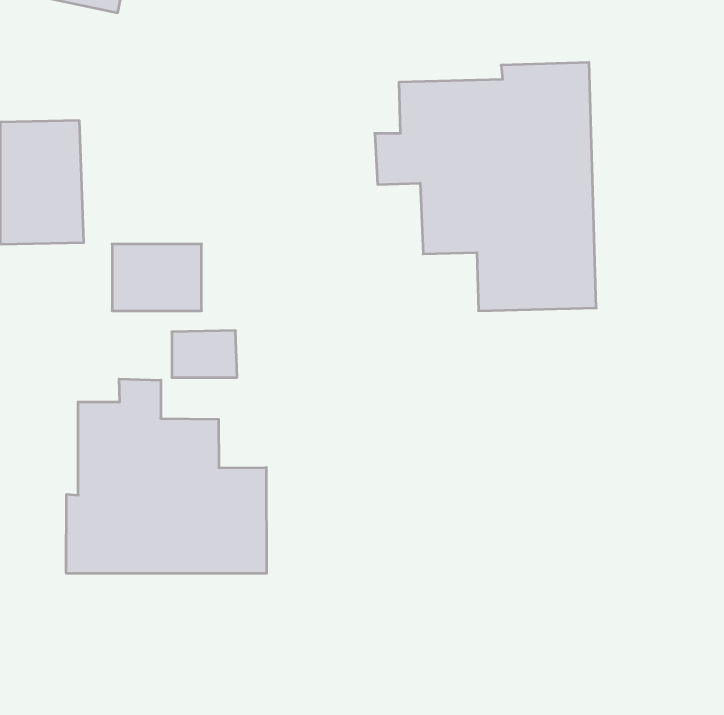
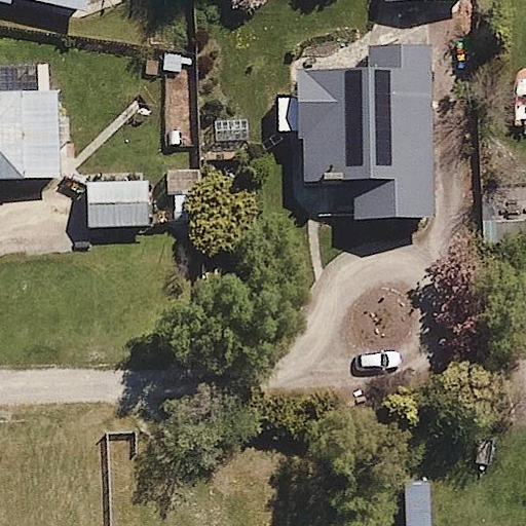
building: [66,379,267,573] -> none

